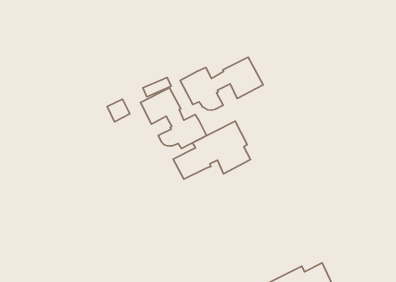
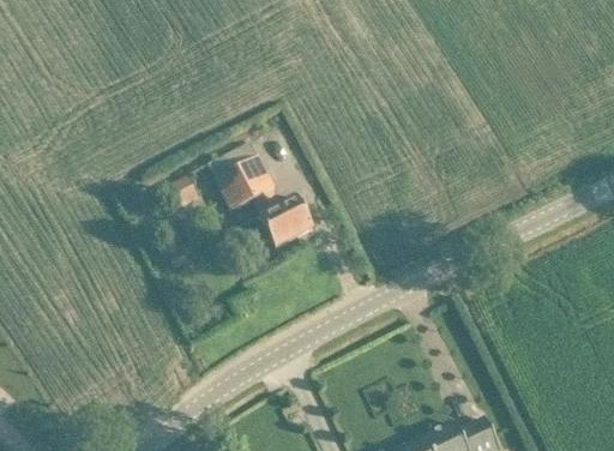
building: [180,57,263,110] -> none
building: [173,121,251,179] -> none

